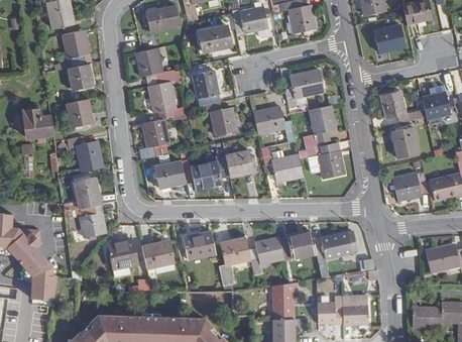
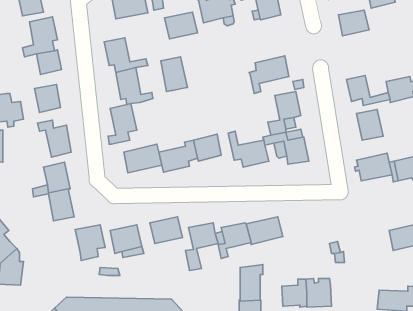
building: [204,102,236,136] -> none
building: [253,108,295,143] -> none
building: [314,233,358,277] -> none

